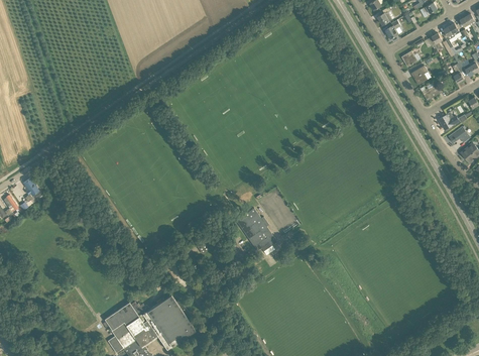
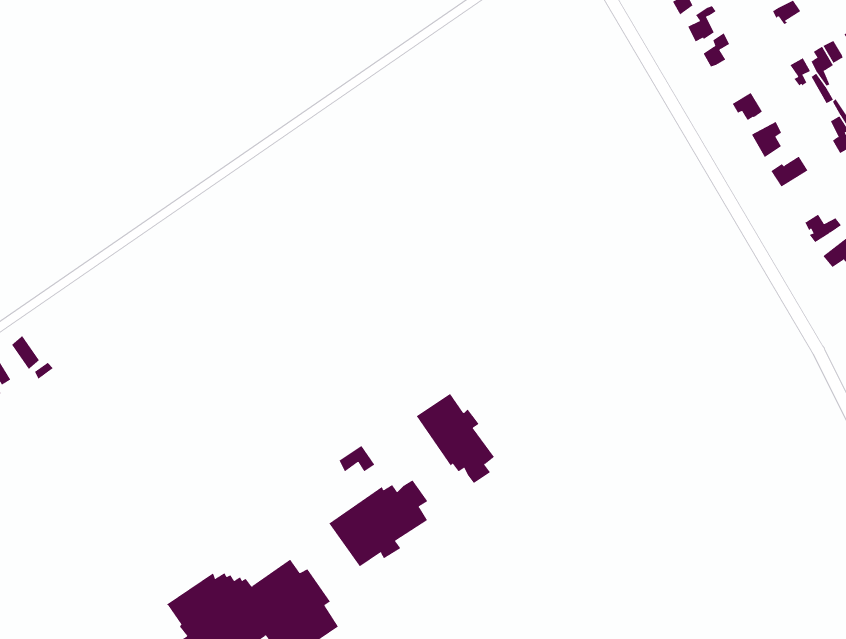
building: none -> [329,479,428,567]

